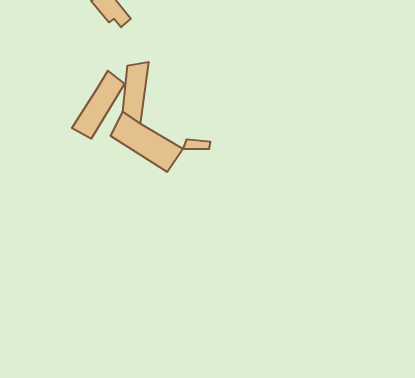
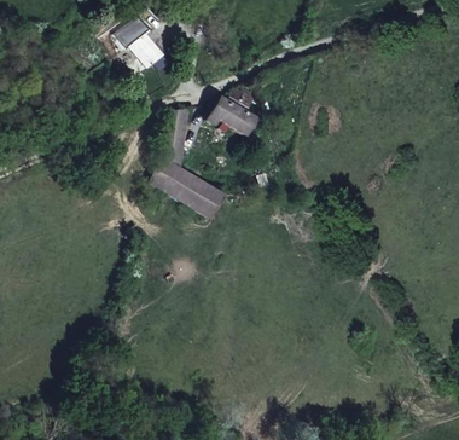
building: none -> [208,87,255,134]
building: [72,71,124,139] -> none

